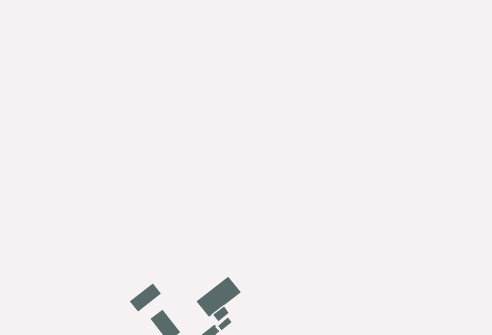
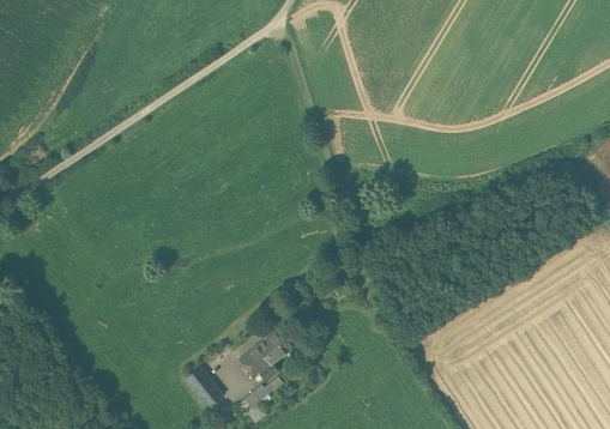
building: [129,283,162,313] -> none

